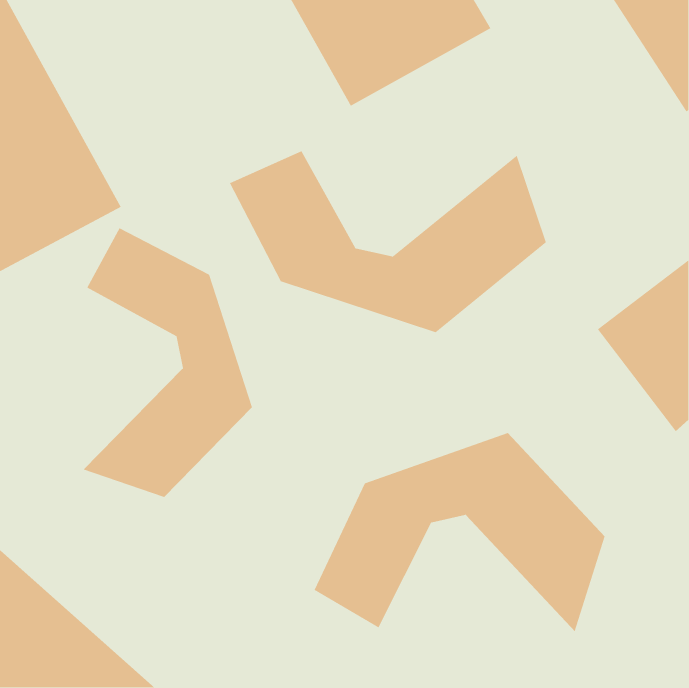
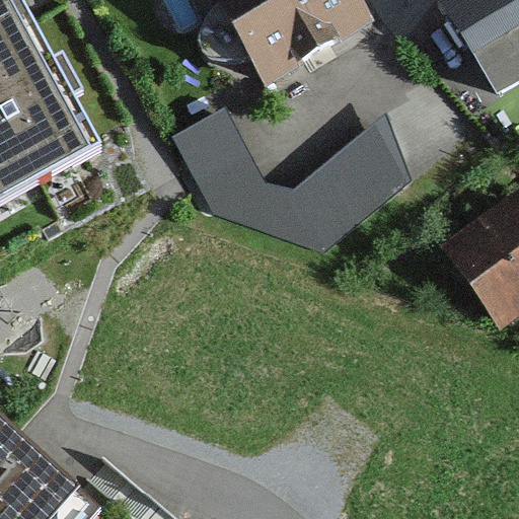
building: [83,227,253,498] -> none
building: [314,432,606,632] -> none

